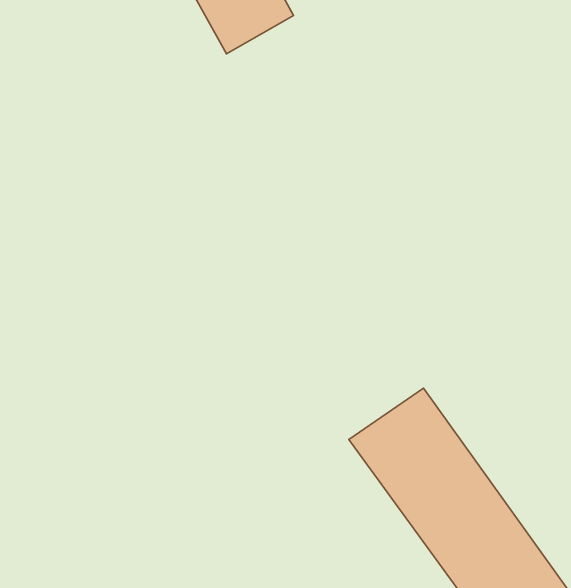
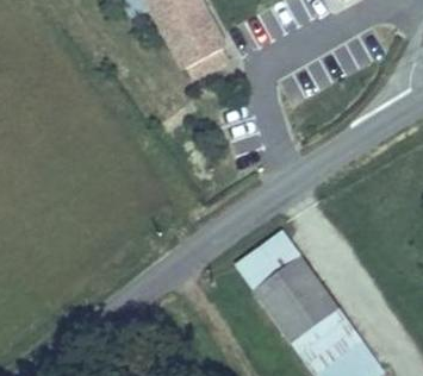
building: none -> [168,14,228,73]

